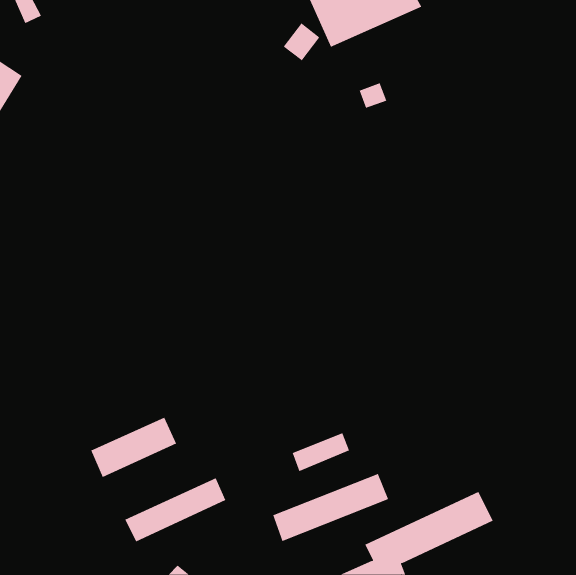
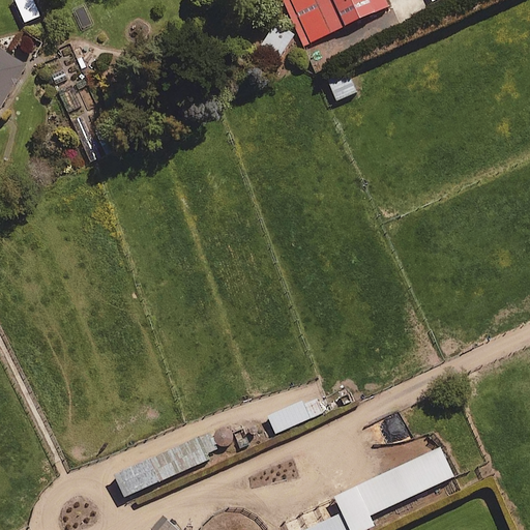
building: [91,417,177,478] -> none
building: [272,473,389,542] -> none

